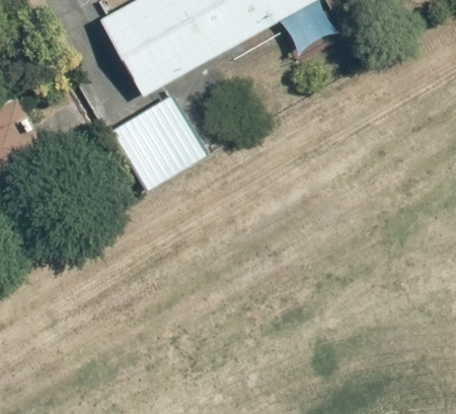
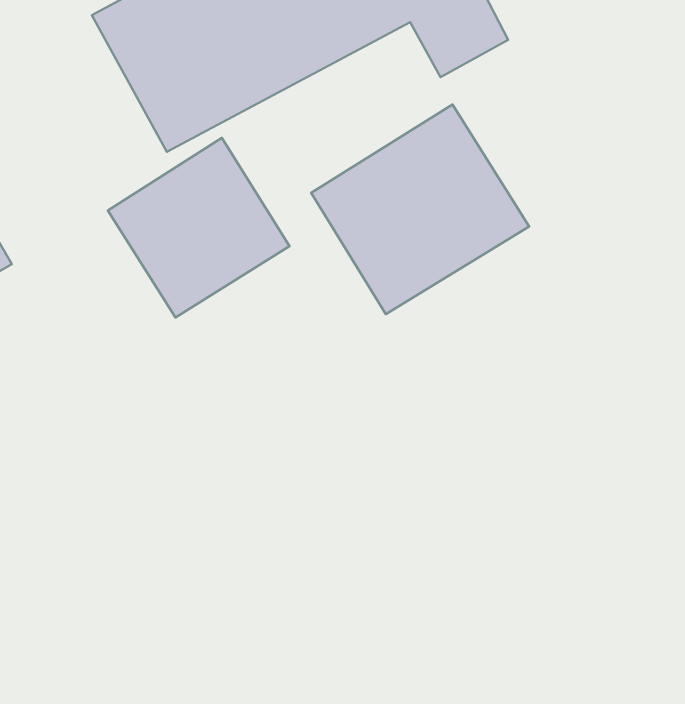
building: none -> [311,105,529,314]

